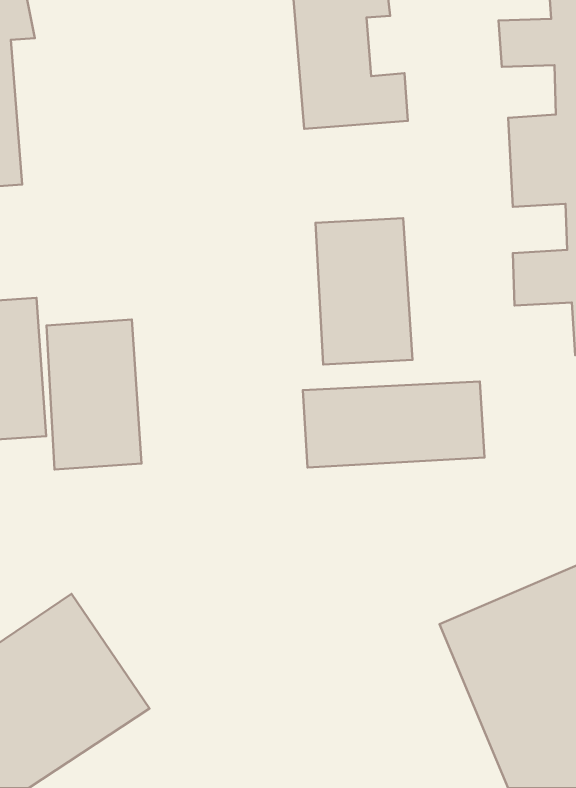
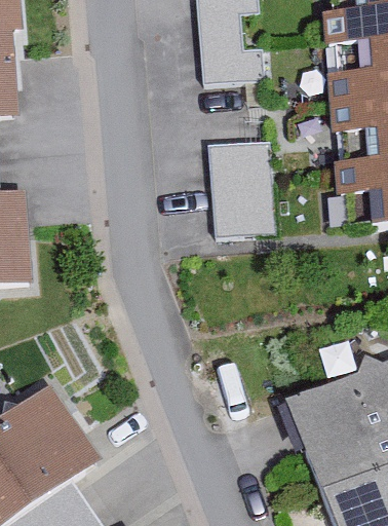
building: [46,320,142,470] -> none
building: [303,382,484,468] -> none

